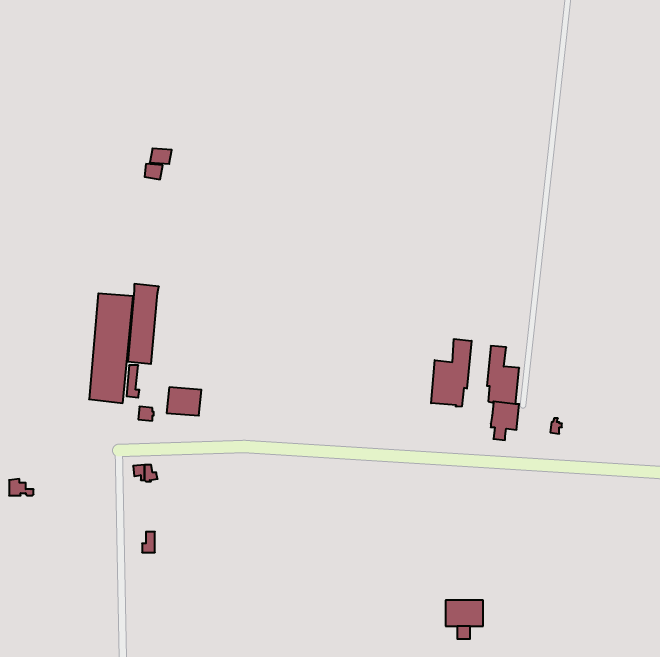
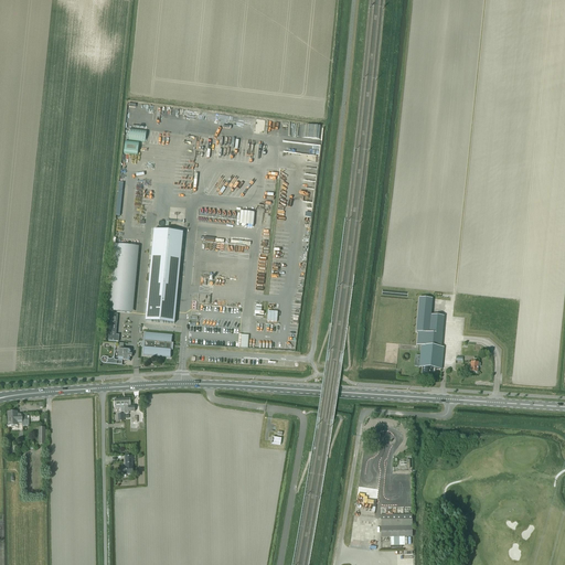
building: [89,293,133,403] -> [146,228,183,322]
building: [431,339,472,407] -> none

